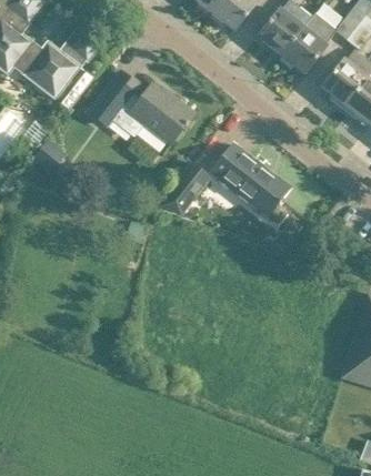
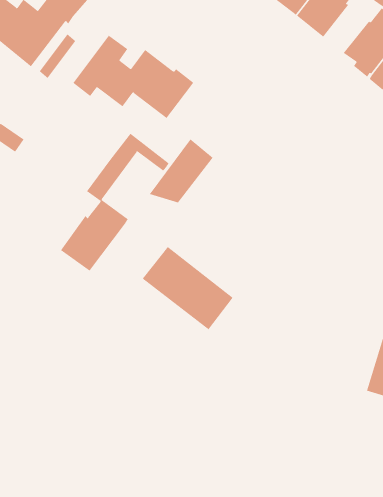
building: [211,144,290,216] -> [142,246,234,330]
building: none -> [60,133,169,272]

